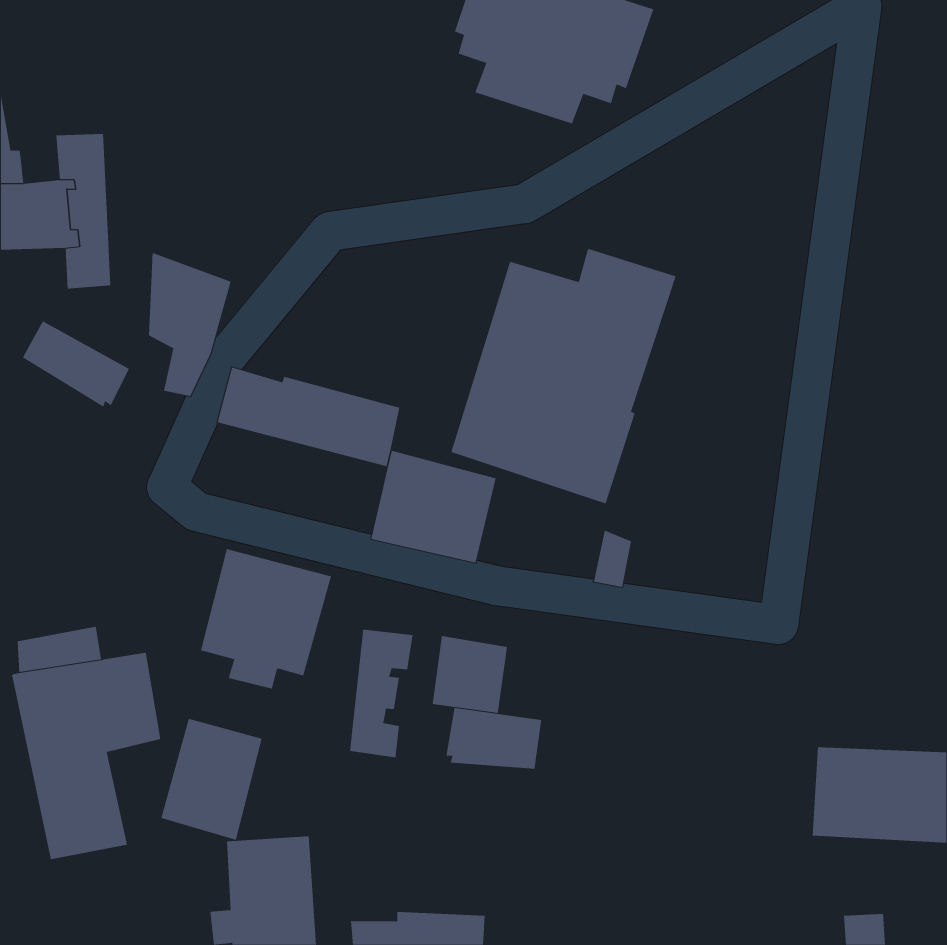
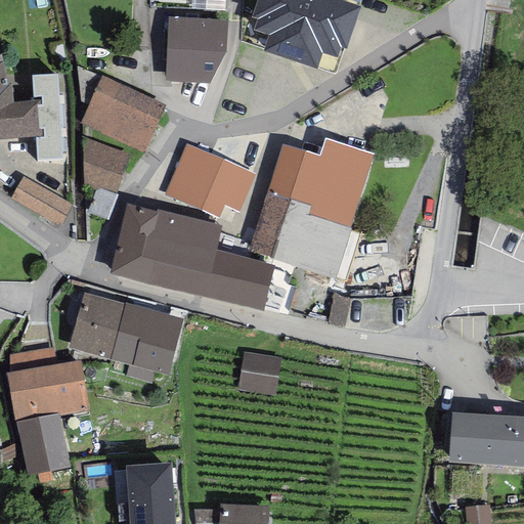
building: none -> [166,16,227,83]
building: none -> [80,78,165,152]
building: none -> [165,143,255,217]
building: none -> [111,233,214,298]
building: [349,629,413,758] -> none
building: [446,707,542,770] -> none
building: [160,718,262,841] -> [69,292,125,359]

